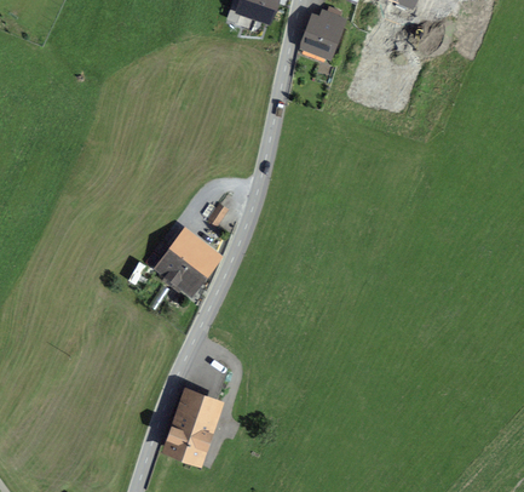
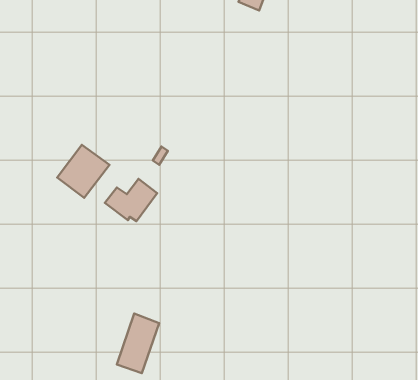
building: none -> [57,145,110,198]

